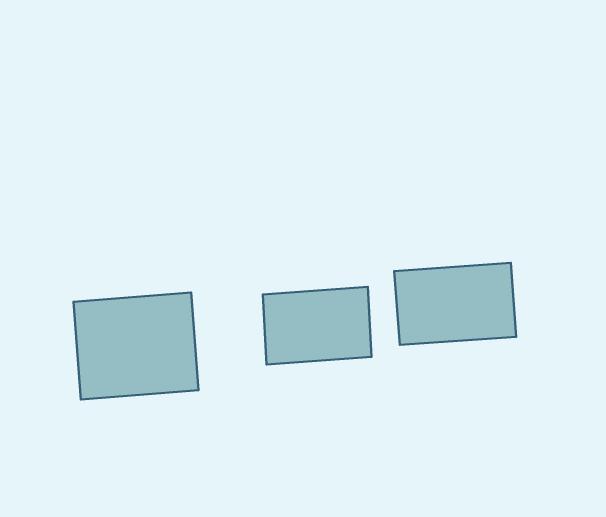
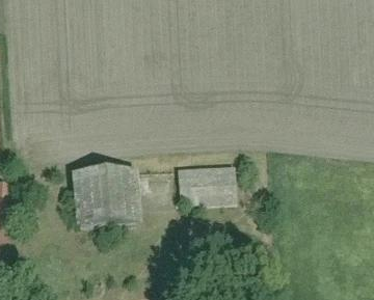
building: [394,263,516,345] -> none

